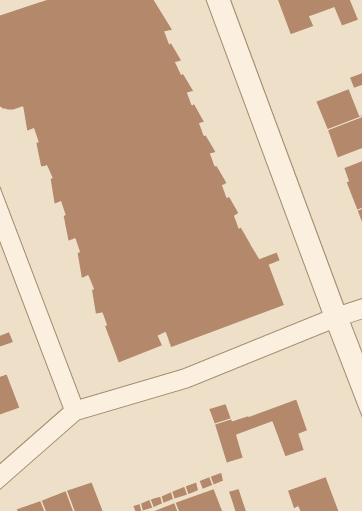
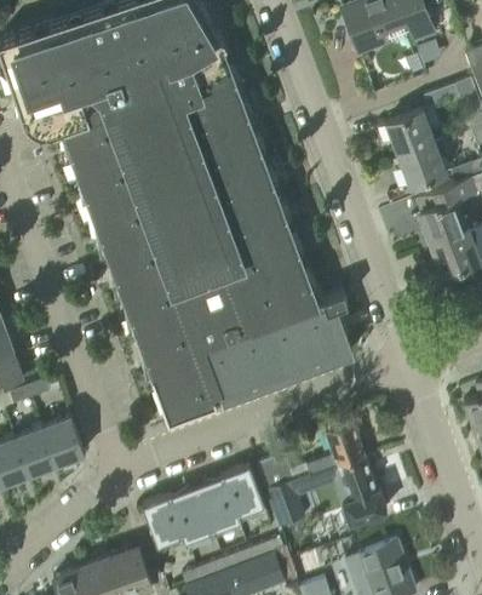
building: none -> [42,417,85,465]
building: none -> [308,422,365,475]
building: none -> [142,465,266,553]

